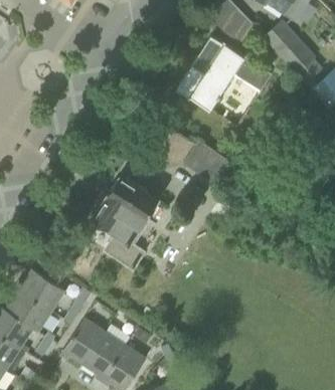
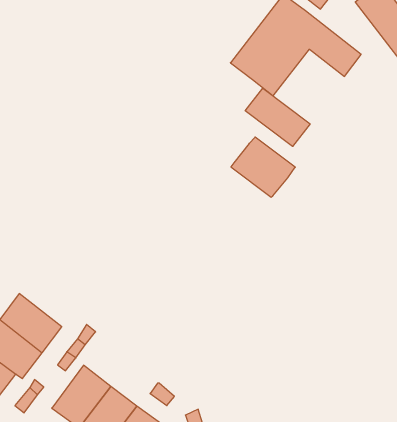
building: none -> [245,88,310,146]
building: [88,176,156,269] -> none

